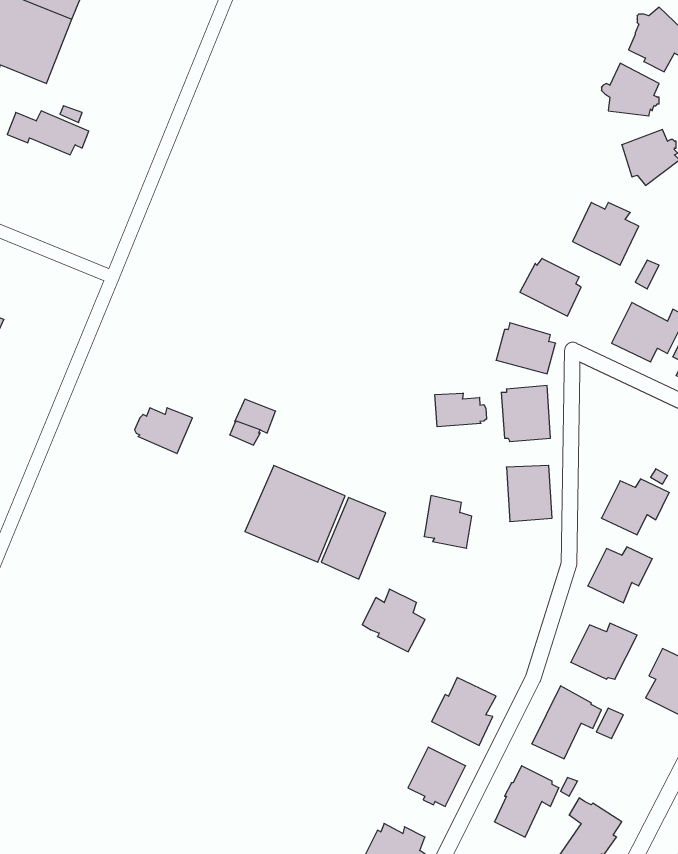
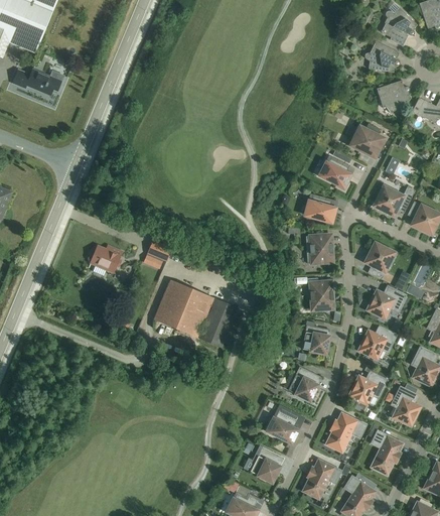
building: [435,393,487,427] -> none
building: none -> [361,240,399,279]
building: [424,496,472,548] -> [302,325,330,356]
building: [362,589,425,652] -> [283,366,320,403]
building: none -> [369,431,404,477]

